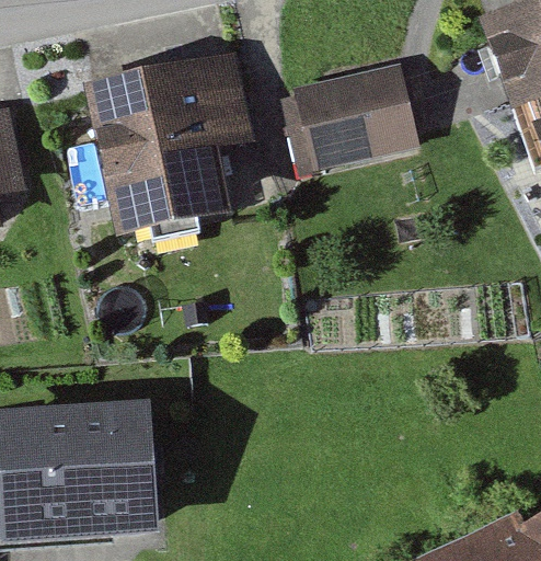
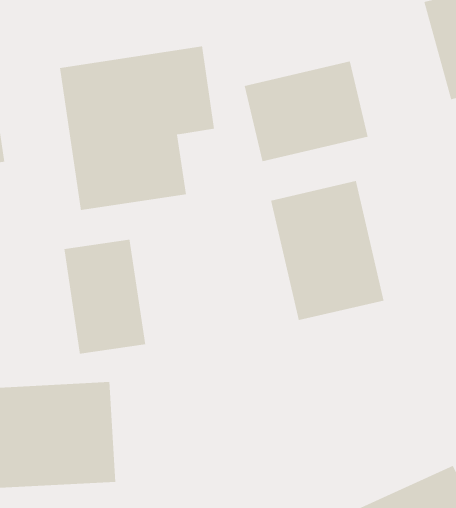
building: none -> [270,180,384,321]
building: none -> [64,239,146,354]

